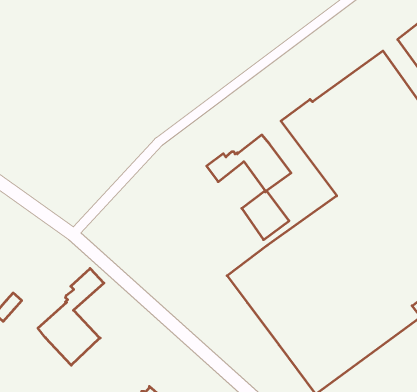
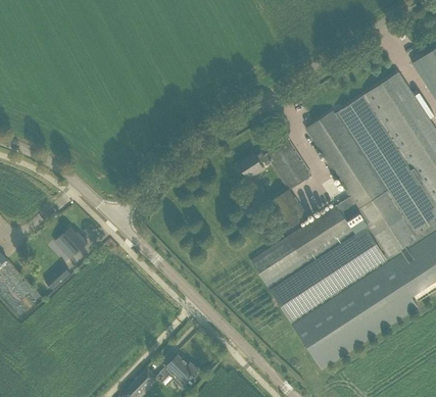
building: none -> [59,228,87,257]
building: [38,268,104,365] -> none

